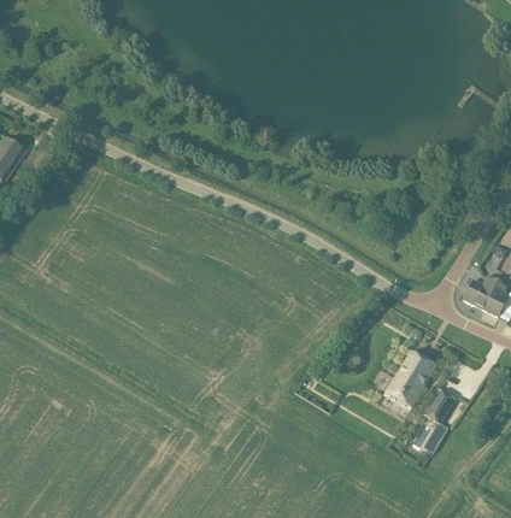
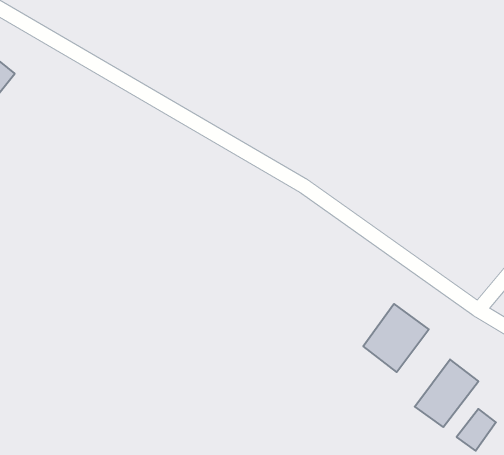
building: none -> [363,304,429,372]

